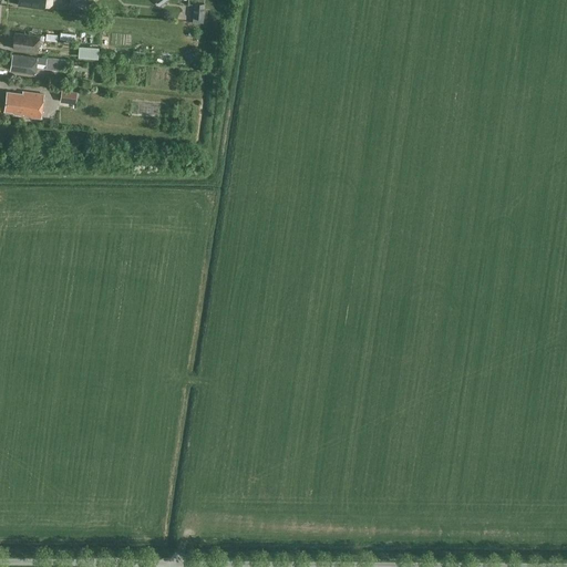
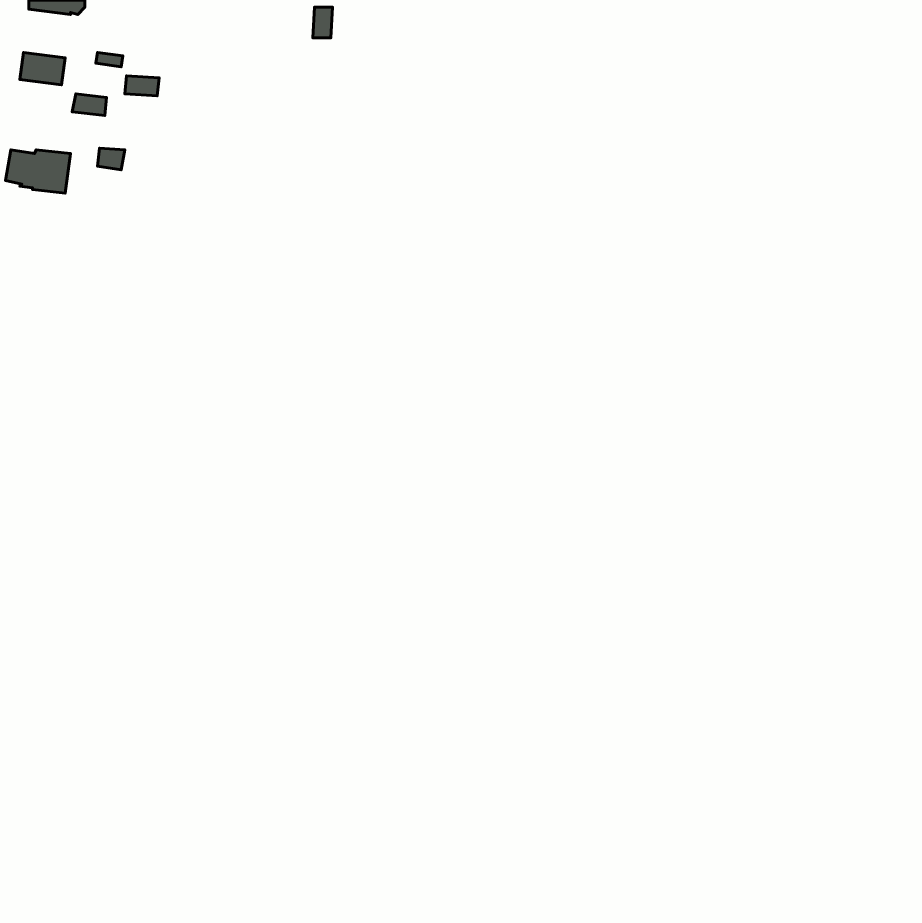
building: [9,54,37,74] -> none

